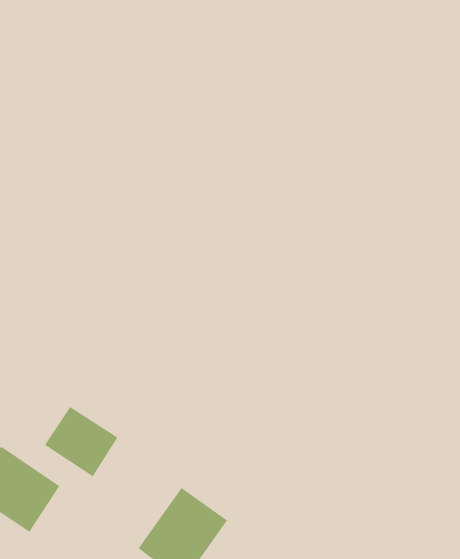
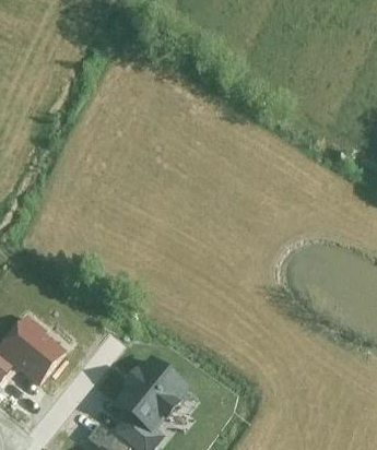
building: [44,406,118,477] -> none

